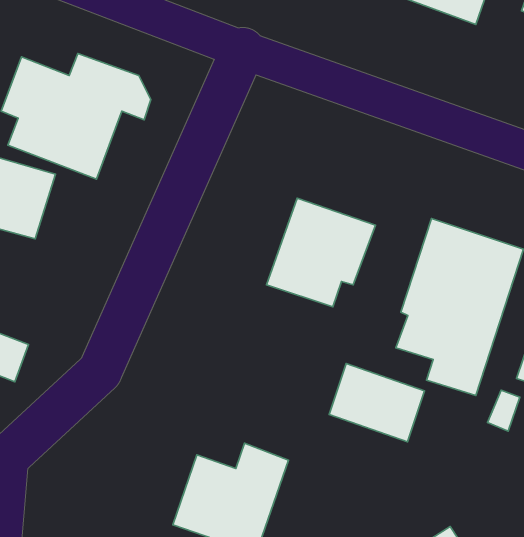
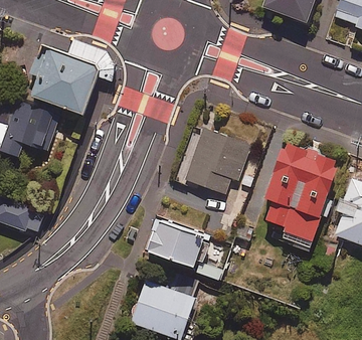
building: [329,364,424,442] -> [147,219,203,266]

